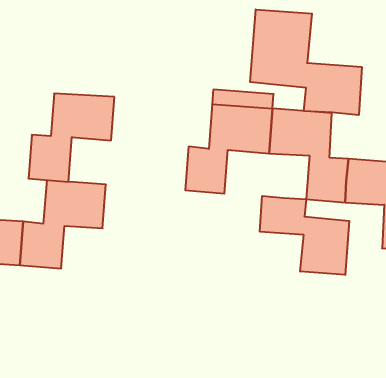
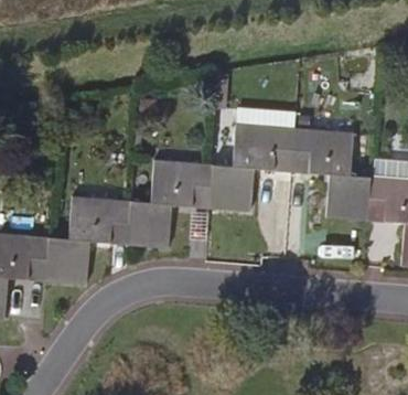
building: [250,9,362,115] -> none
building: [28,94,114,182] -> [127,161,212,248]
building: [260,196,349,275] -> none

